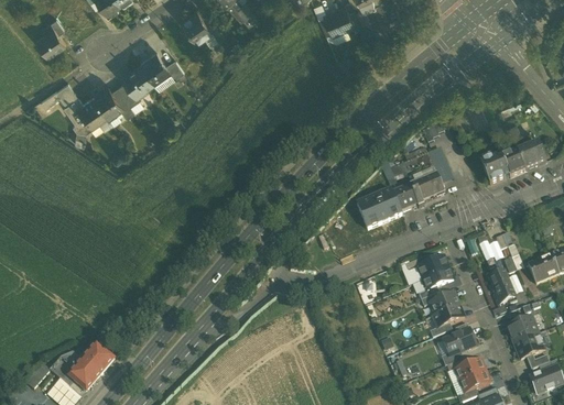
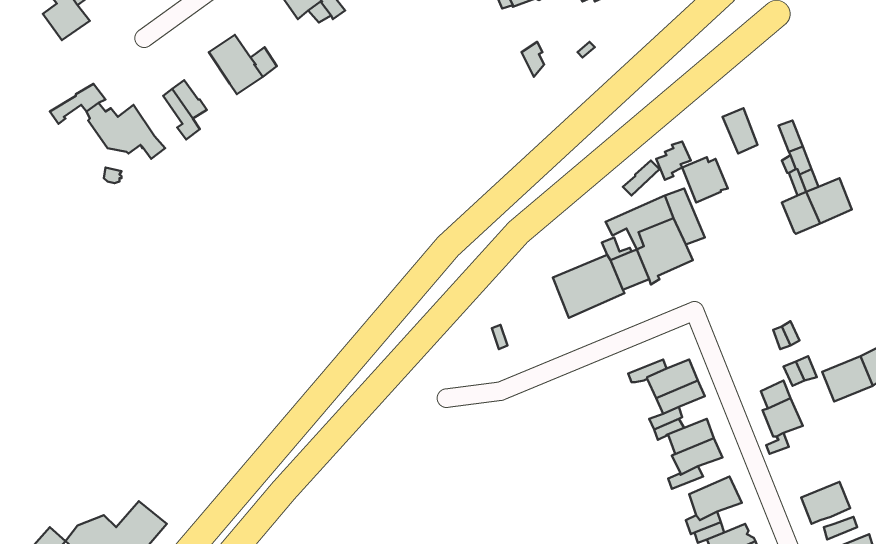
building: [121,62,153,91] -> none
building: [93,85,123,114] -> none
building: [480,155,509,184] -> [682,157,728,202]
building: [507,316,538,342] -> none

